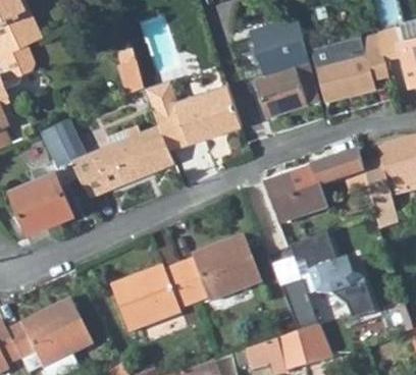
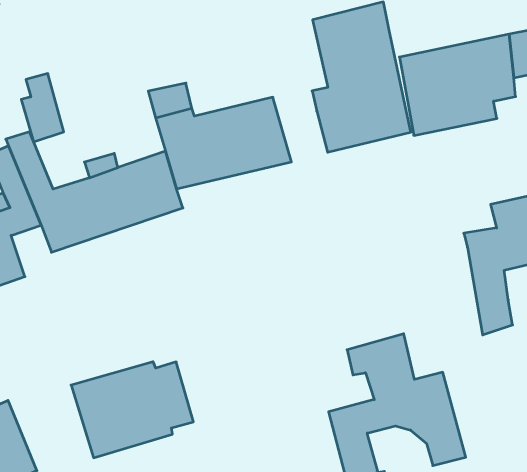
building: [116,48,146,94] -> [21,74,64,142]
building: [263,151,364,223] -> none
building: [177,233,261,302] -> none

